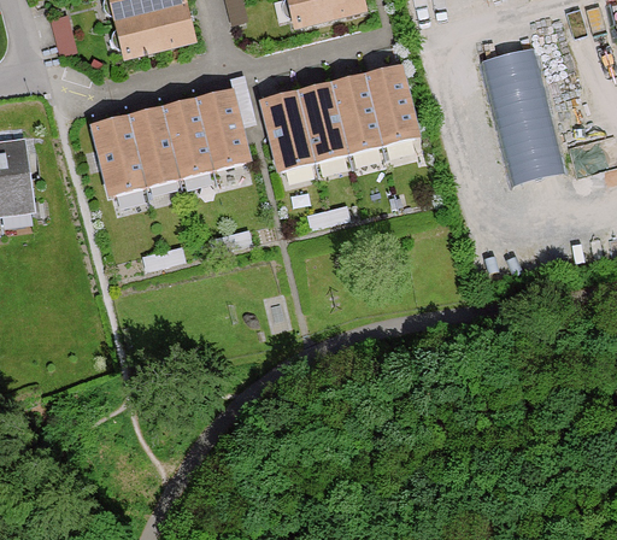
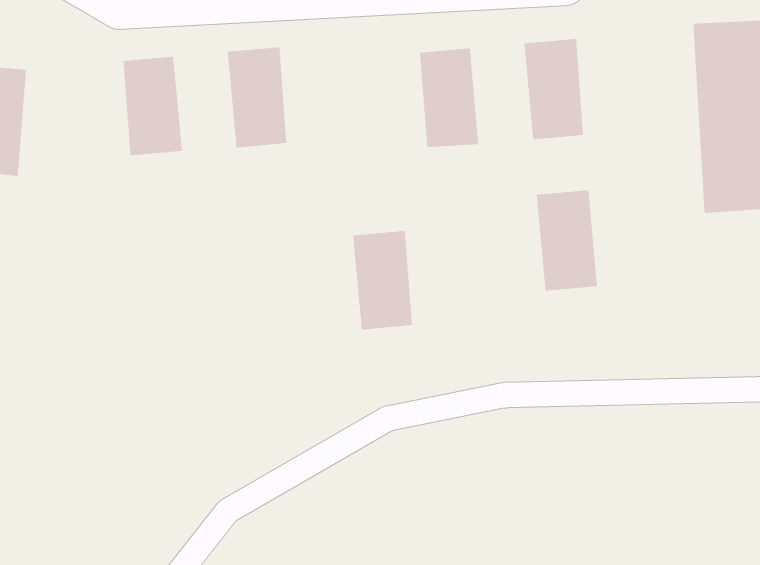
building: [330,75,382,149] -> [536,189,598,292]
building: [259,92,310,165] -> [352,230,413,331]
building: [199,93,249,168] -> none
building: [127,110,178,183] -> none

